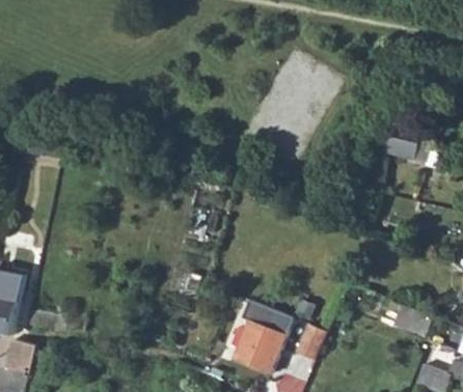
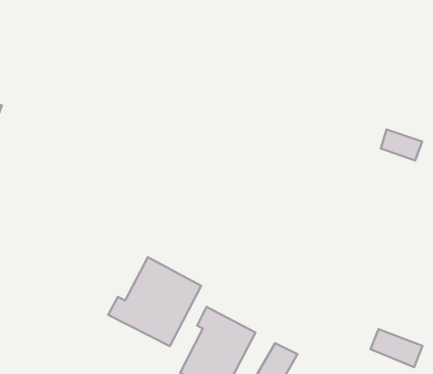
building: none -> [108,257,201,346]

